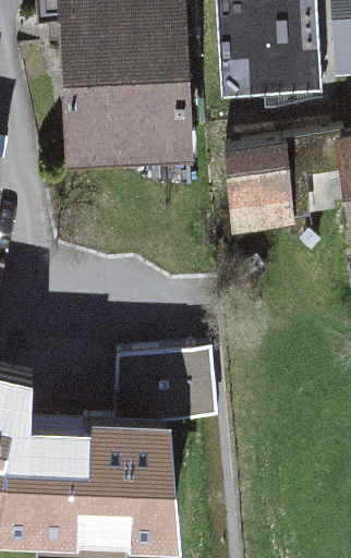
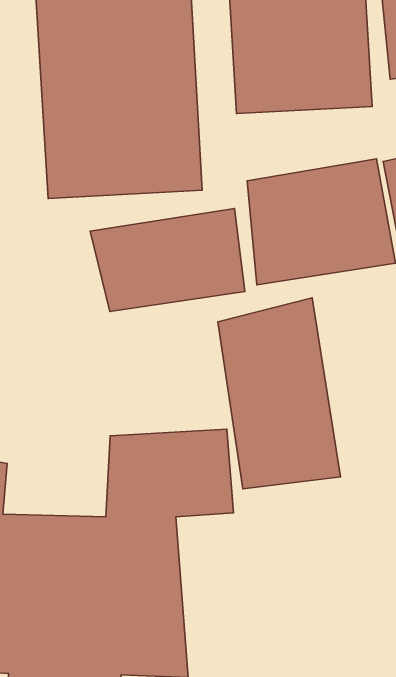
building: none -> [90,208,245,312]
building: none -> [218,298,341,489]

